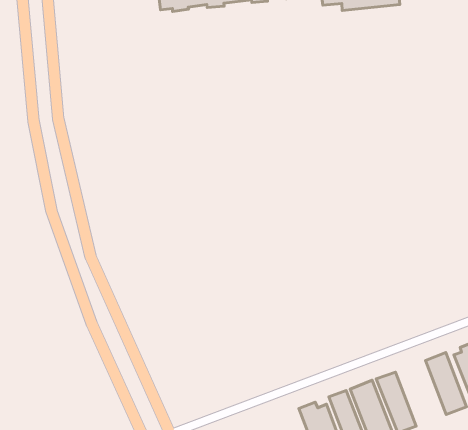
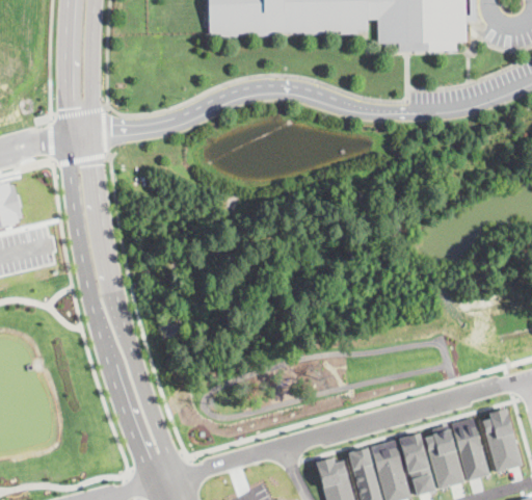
building: none -> [422,423,466,489]

